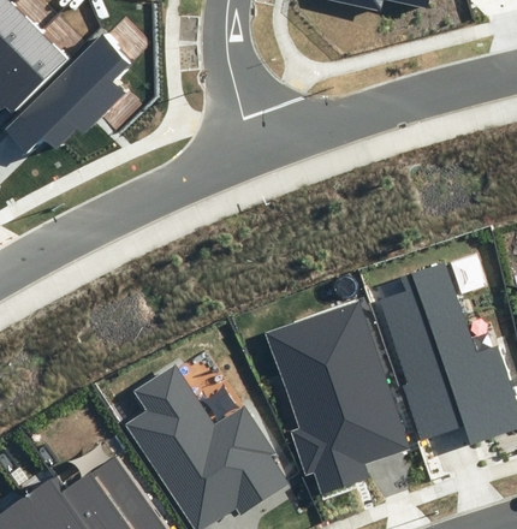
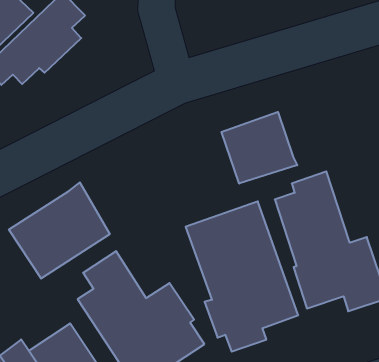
building: none -> [221,112,297,184]
building: none -> [9,182,110,279]

